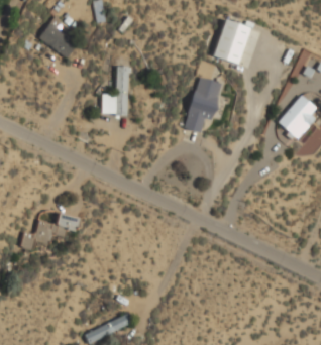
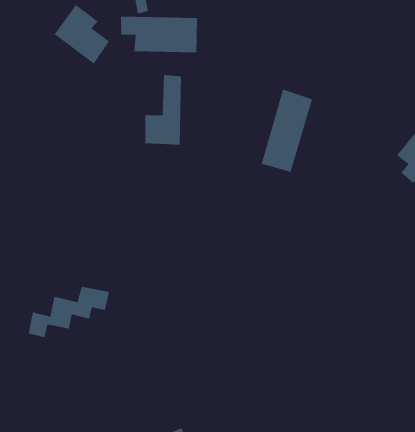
building: [213,18,250,64] -> none
building: none -> [120,16,197,53]

